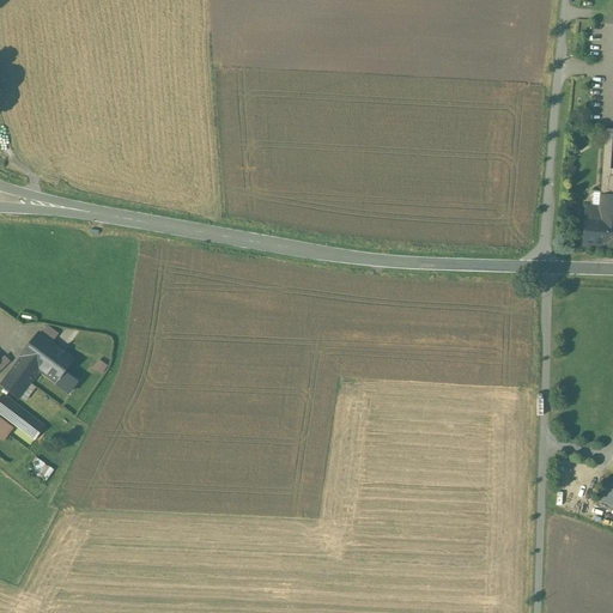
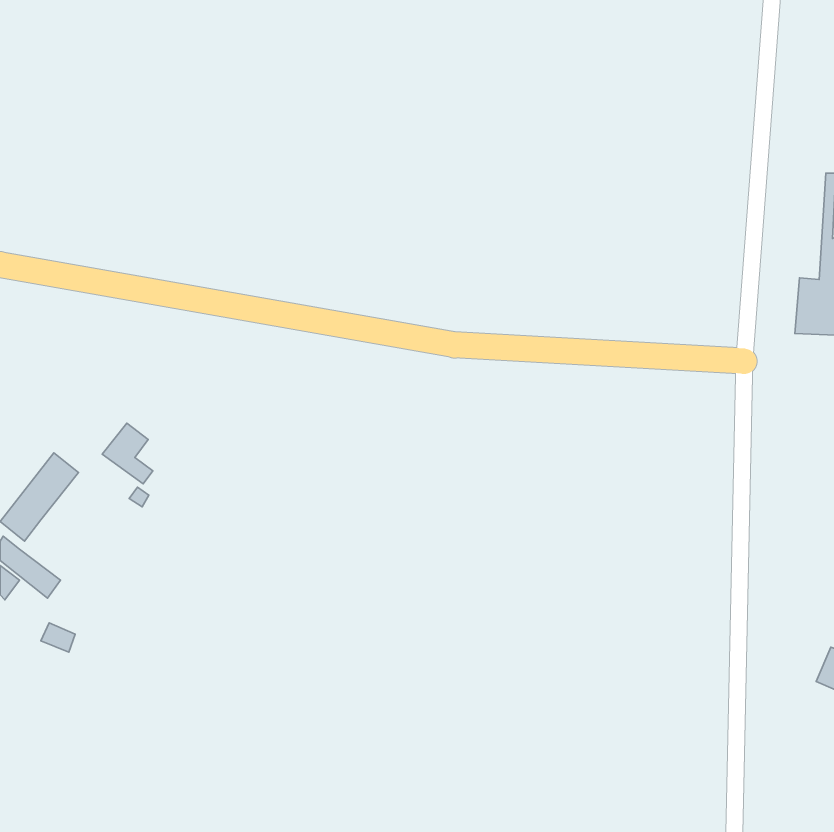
building: [41,346,78,390] -> [102,423,153,484]

